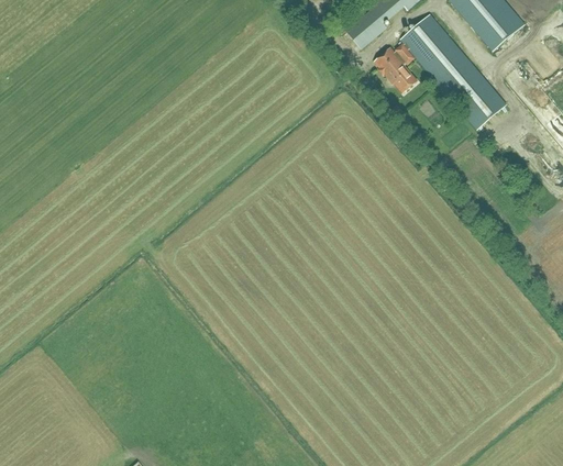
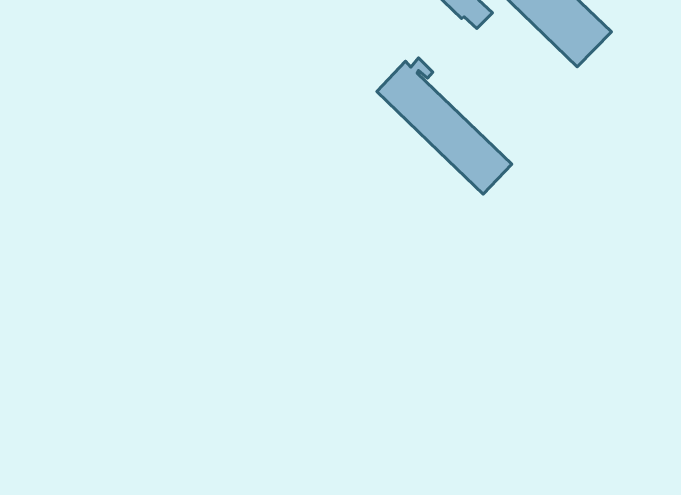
building: none -> [377,58,512,194]

